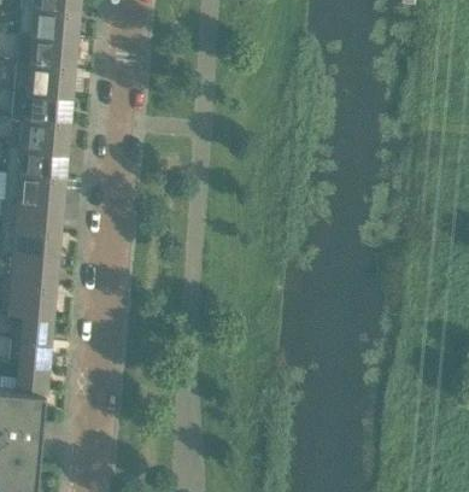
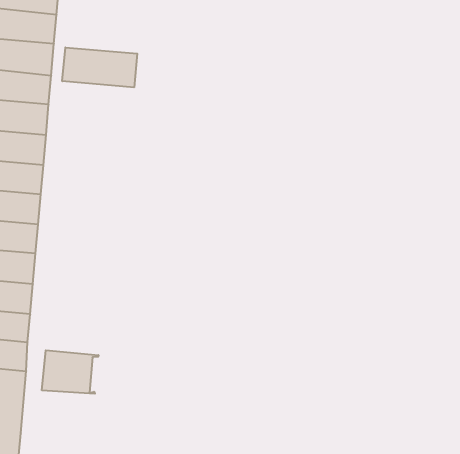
building: none -> [62,47,137,87]
building: none -> [42,350,98,394]

